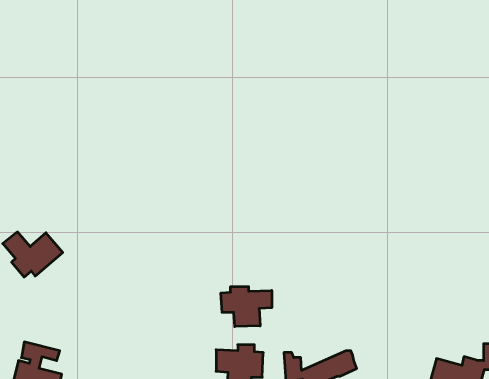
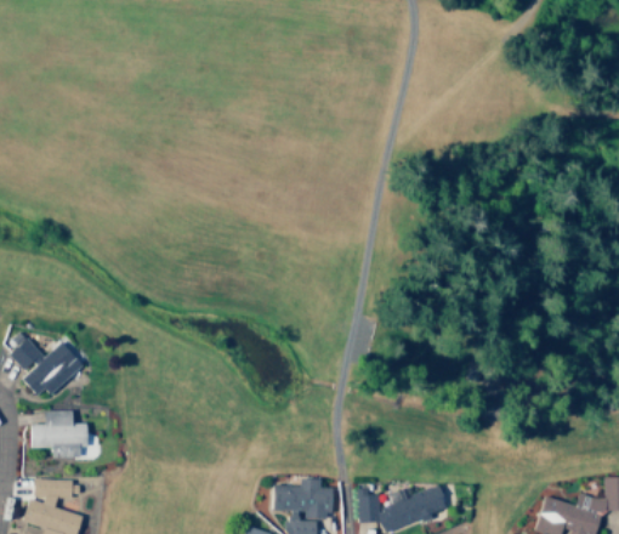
building: [221,287,272,327] -> none
building: none -> [30,411,98,459]

